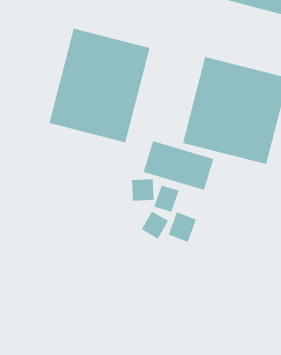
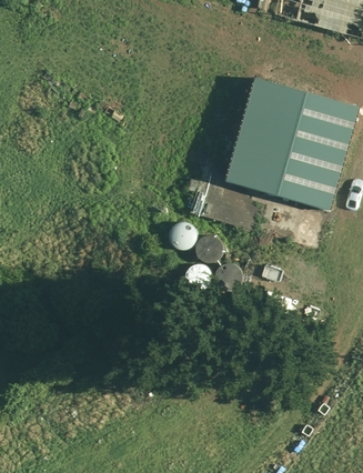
building: [49,28,150,143] -> none

